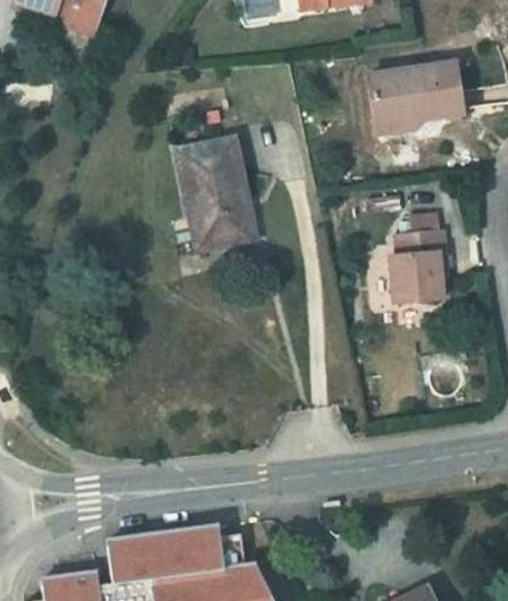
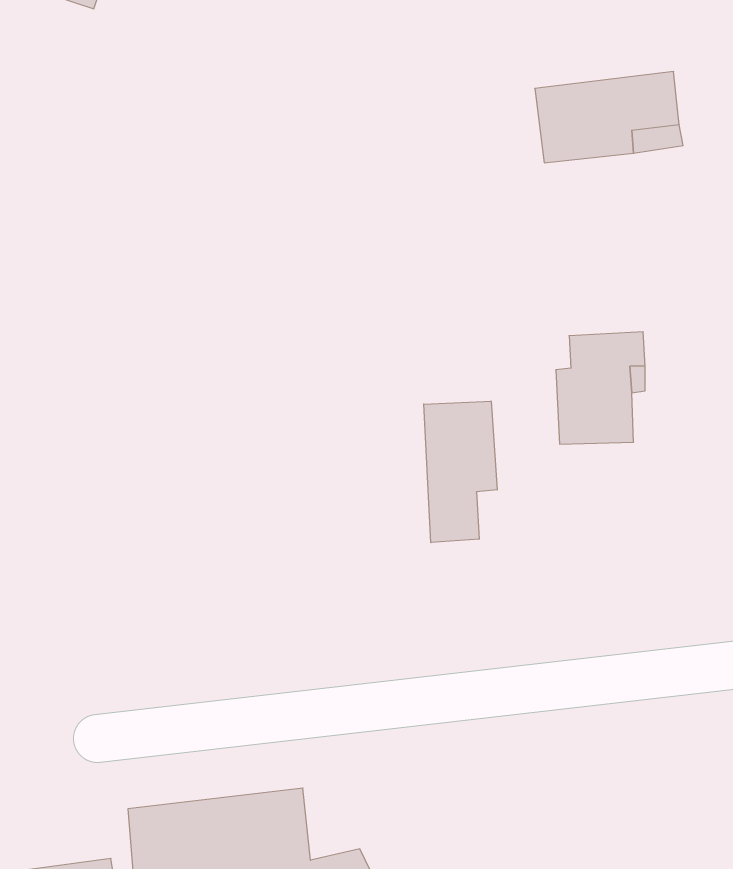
building: [176,143,247,250] -> none
building: none -> [424,401,497,543]

